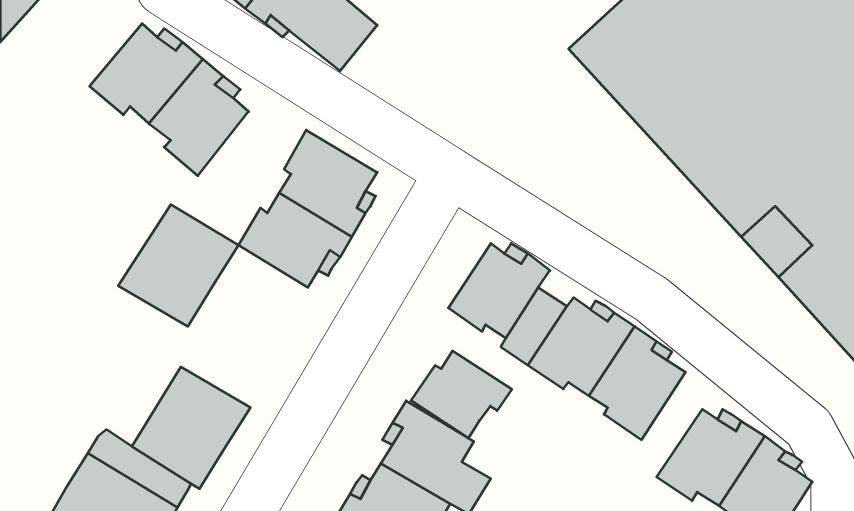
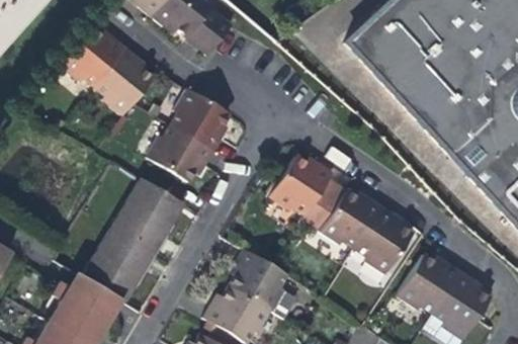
building: [118,205,238,326] -> [112,182,184,255]
building: [411,351,512,438] -> none

